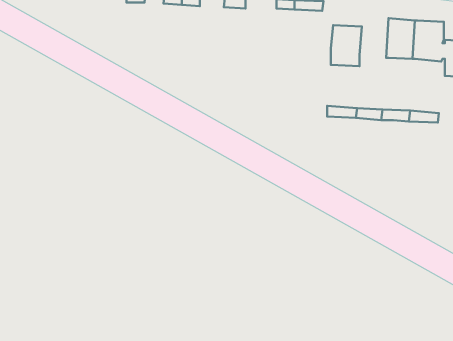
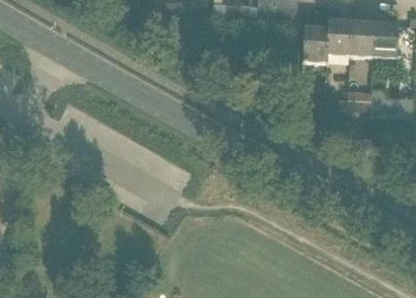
building: none -> [327,19,351,54]

